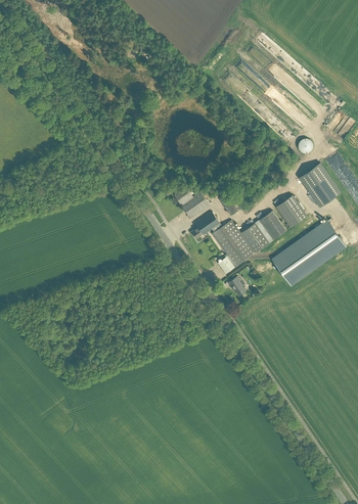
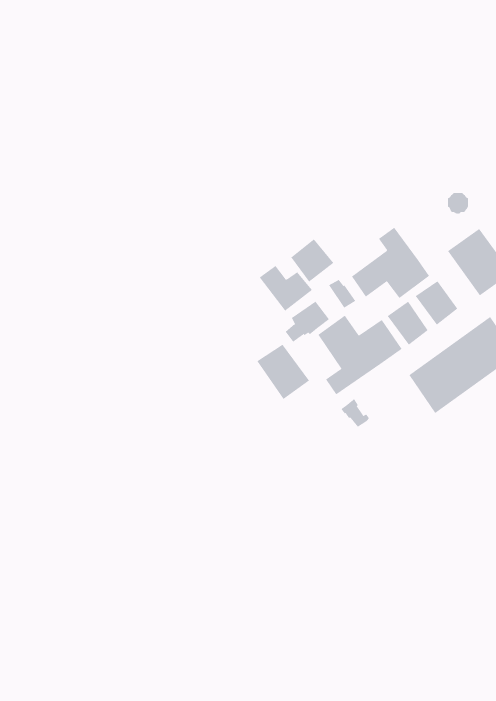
building: none -> [351,227,430,299]
building: none -> [290,239,334,283]
building: none -> [257,344,310,400]

